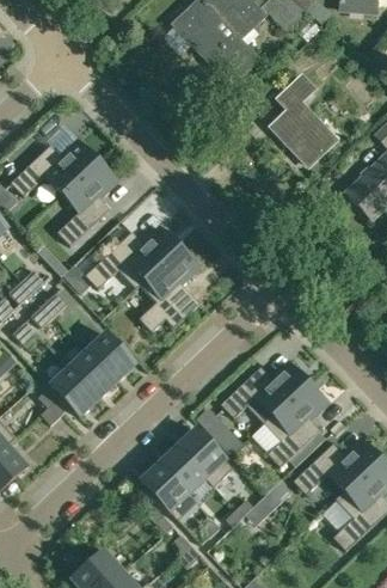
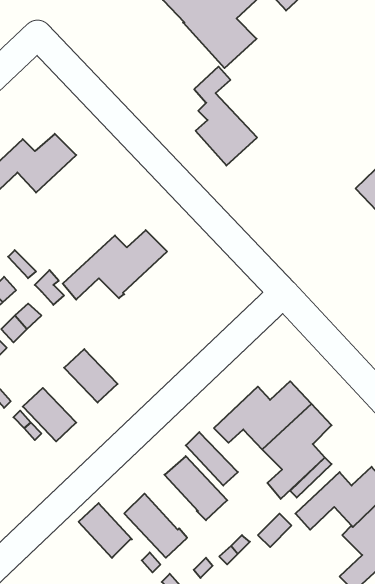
building: [280,75,336,164] -> [194,67,257,166]
building: [57,160,116,245] -> none
building: [140,246,199,332] -> none
building: [68,350,117,399] -> none
building: [159,446,207,495] -> [79,503,132,558]

